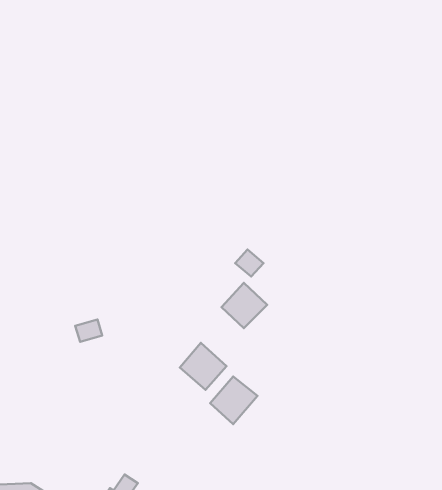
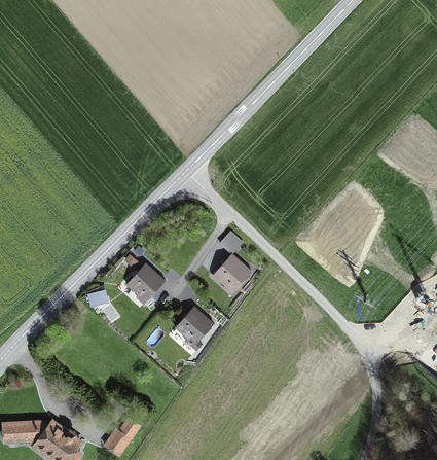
building: none -> [125,263,163,302]
building: [210,376,257,424] -> none

